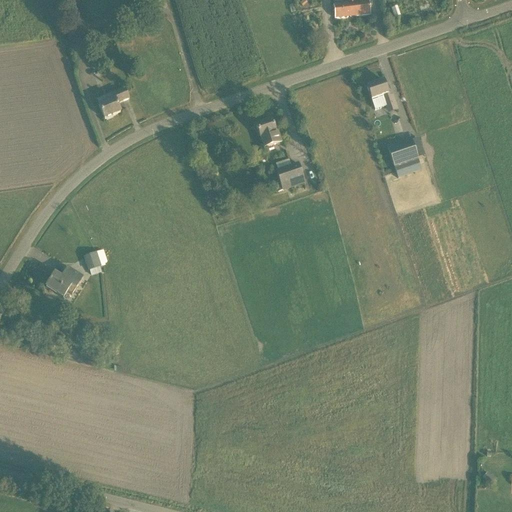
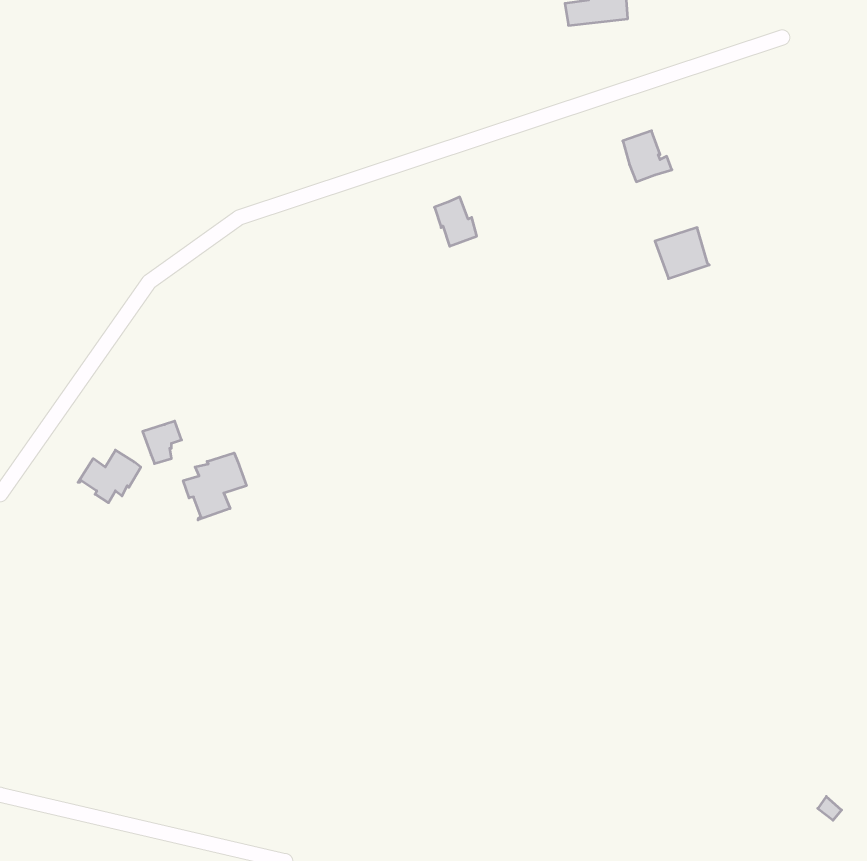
building: [98,85,129,116] -> none
building: [272,161,305,189] -> none
building: none -> [183,453,246,520]

